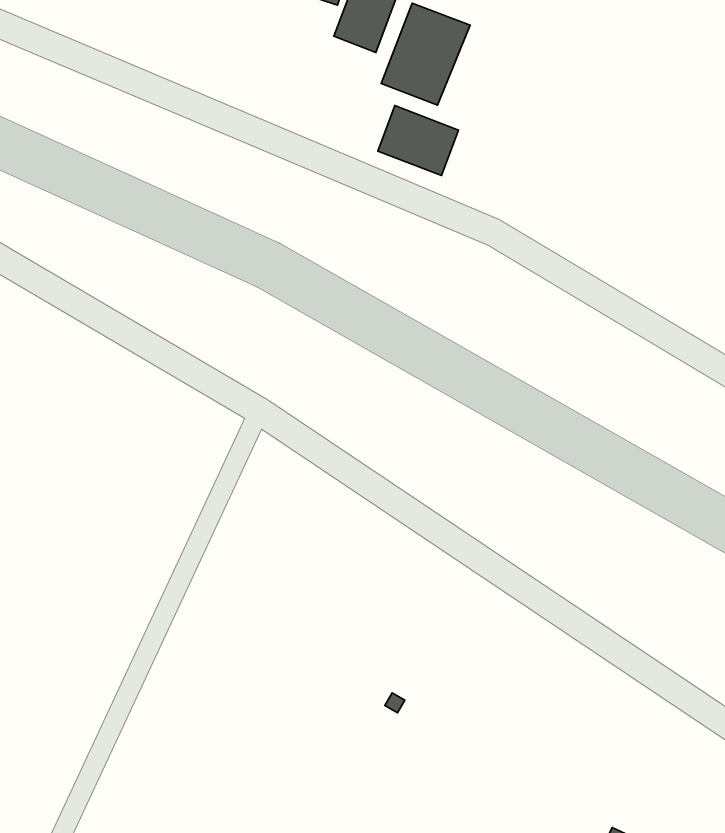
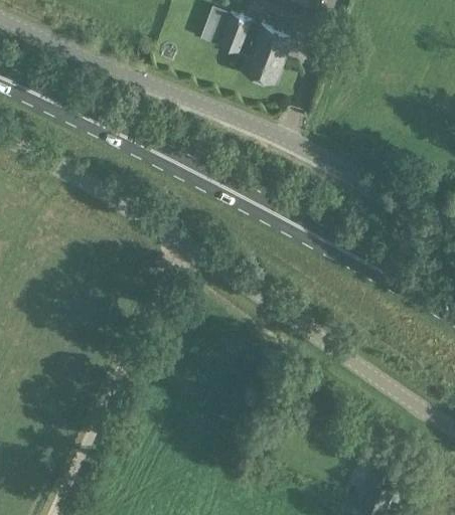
building: [378,106,458,176] -> none

